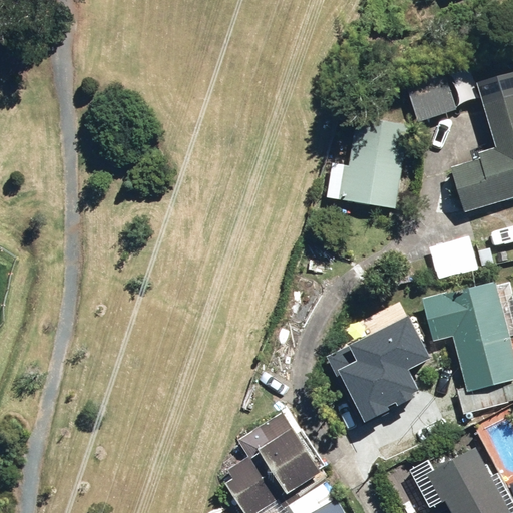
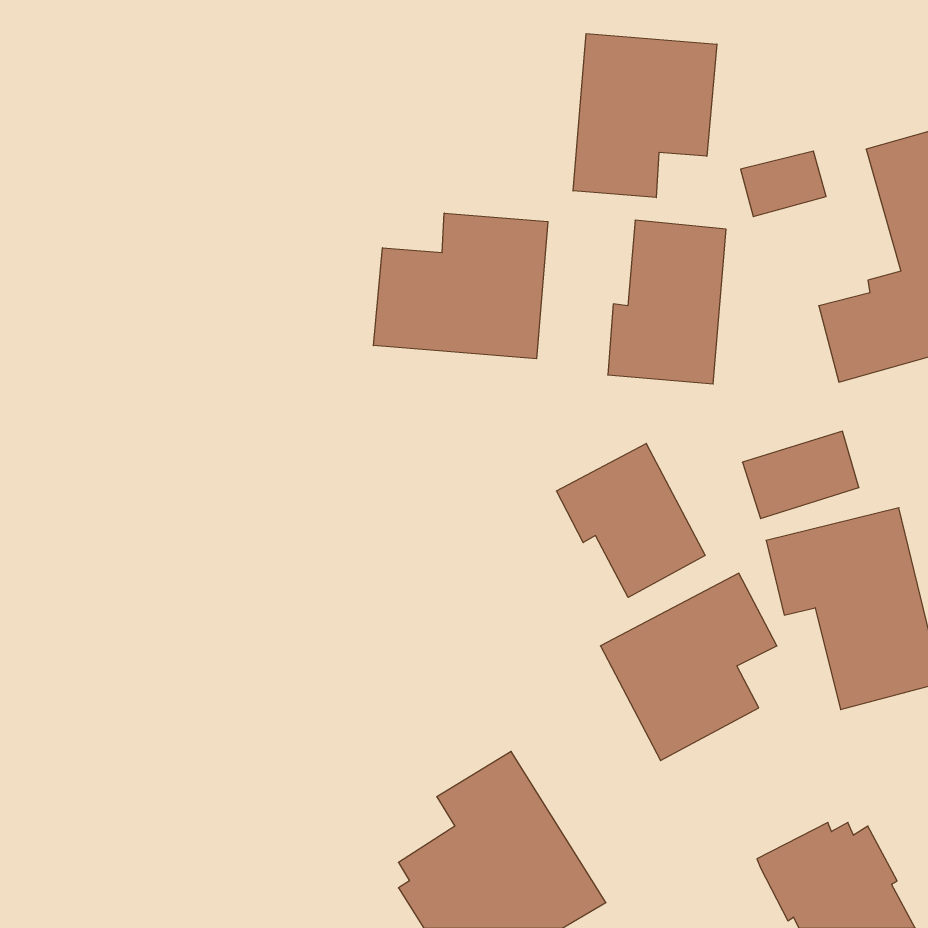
building: none -> [573,34,717,198]
building: none -> [373,213,548,359]
building: none -> [556,443,705,597]

